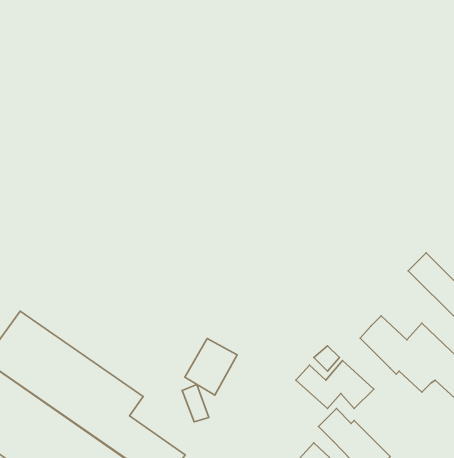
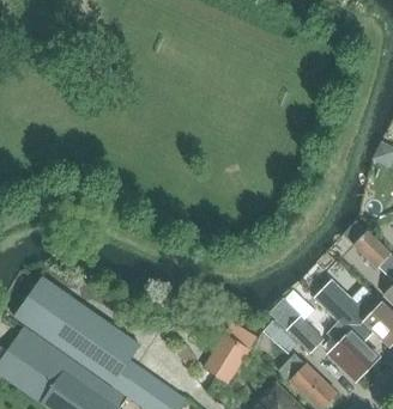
building: [185,338,237,395] -> [206,337,248,383]
building: none -> [327,322,379,380]

